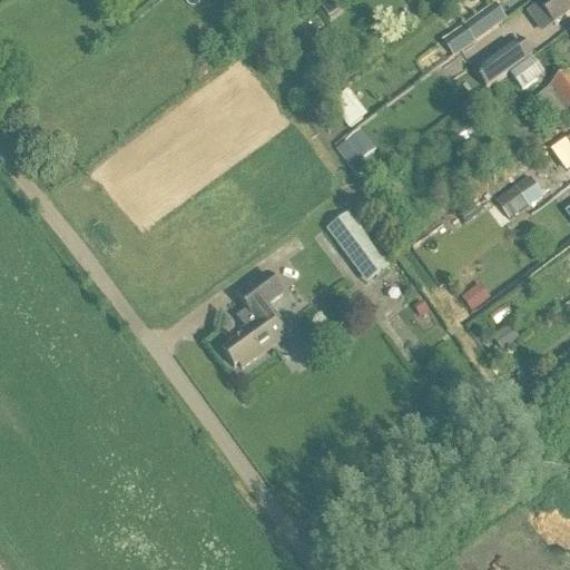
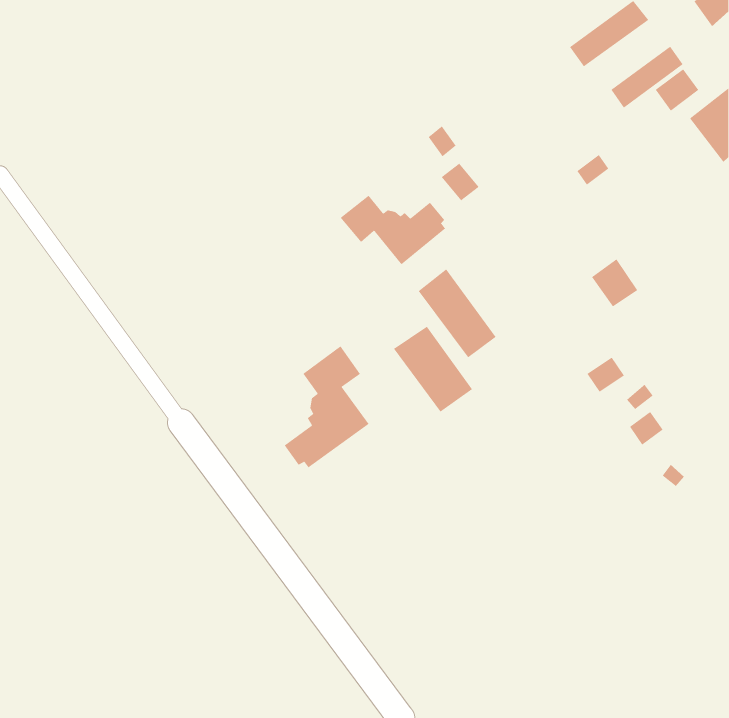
building: none -> [340,195,446,265]
building: [497,184,533,222] -> [591,259,638,307]
building: none -> [393,326,473,412]

